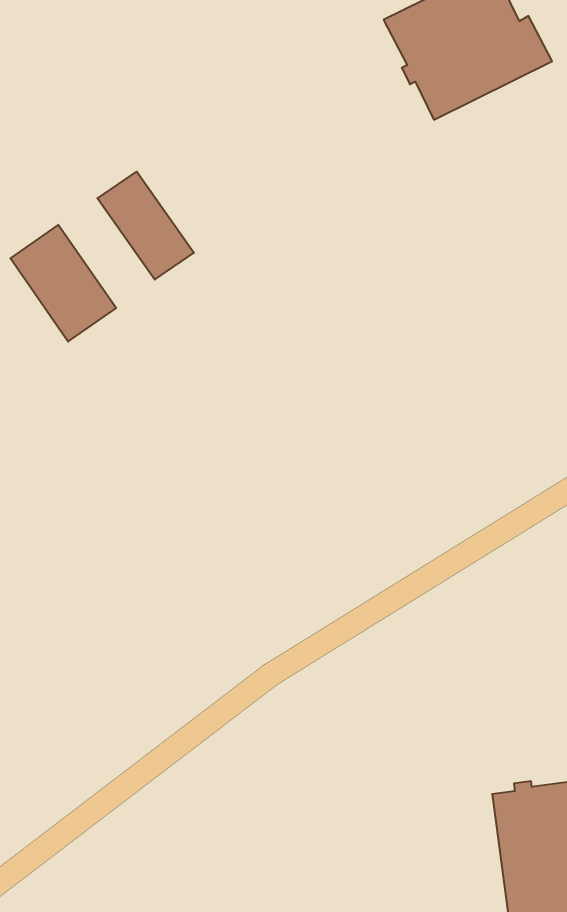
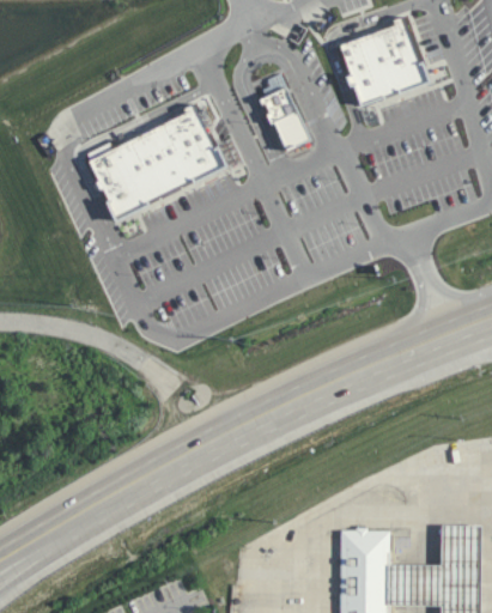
building: none -> [256,87,310,156]
building: none -> [171,102,223,174]
building: none -> [119,132,174,201]

